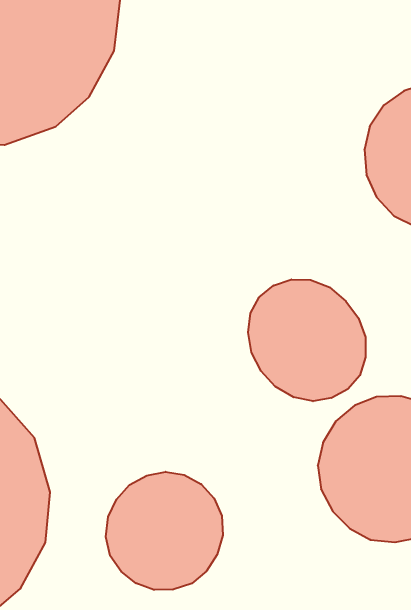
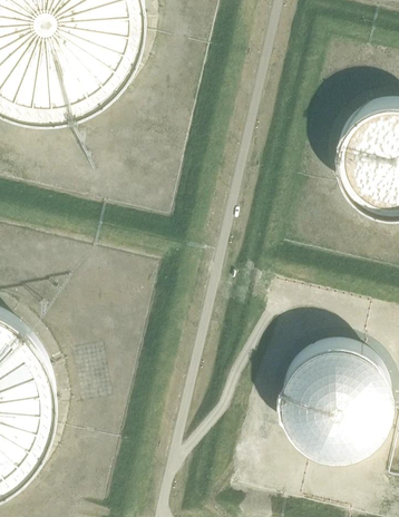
building: [248,279,366,401] -> none
building: [106,472,223,590] -> none

